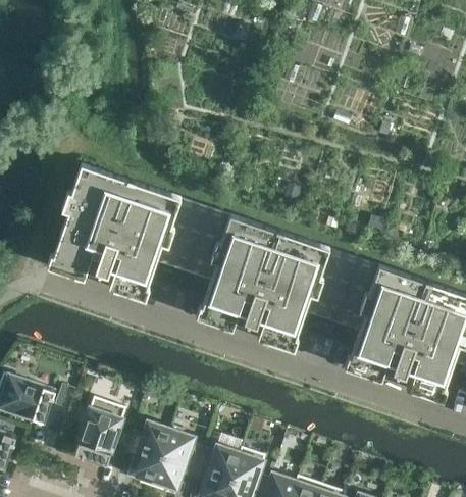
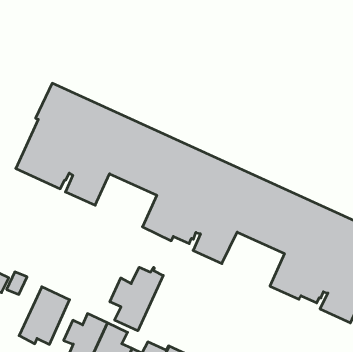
building: none -> [110,267,163,331]

